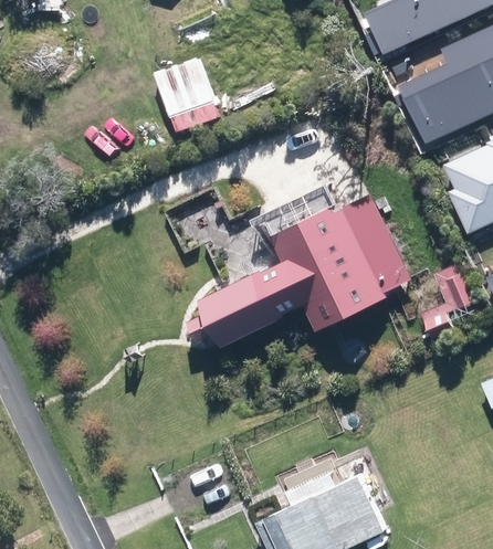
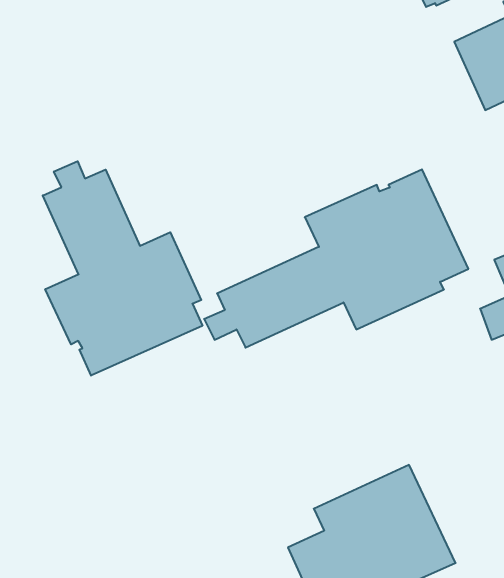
building: [154,56,219,133] -> none
building: none -> [43,161,202,376]

